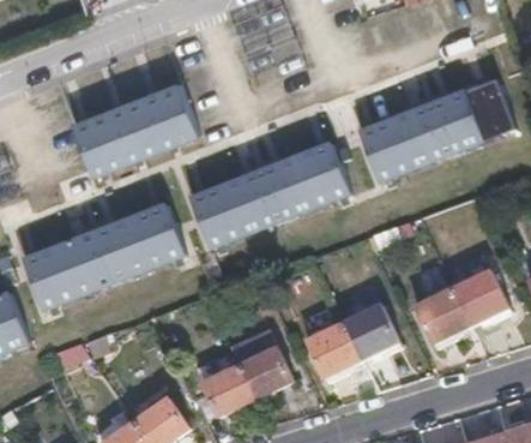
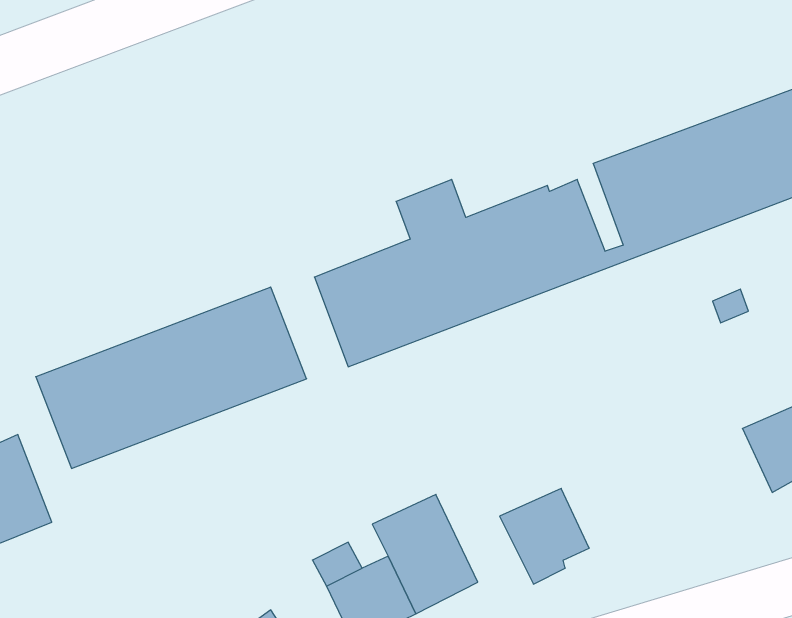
building: [74,78,200,174] -> none
building: [414,287,469,347] -> none
building: [342,304,399,359] -> none

